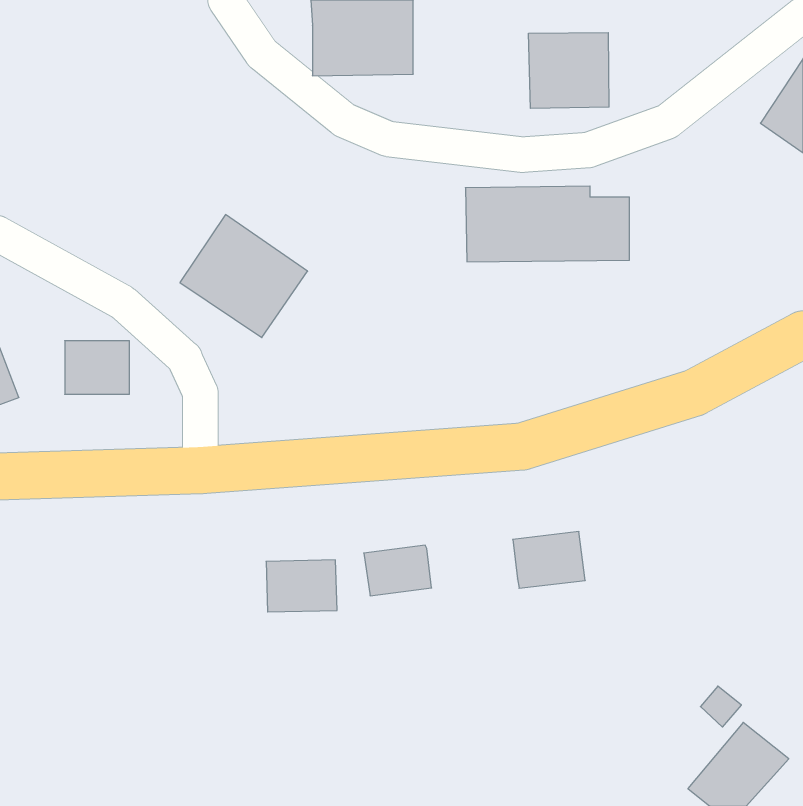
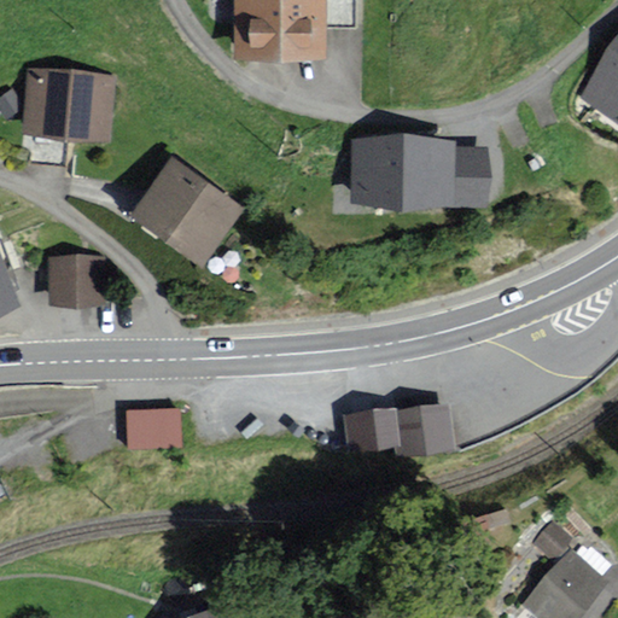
building: [529,33,609,108] -> none
building: none -> [25,72,110,136]
building: [364,545,432,596] -> [344,410,396,449]
building: [266,560,337,612] -> [129,403,183,443]

